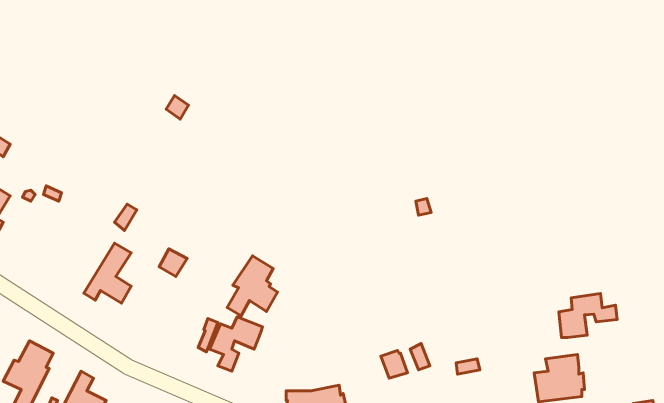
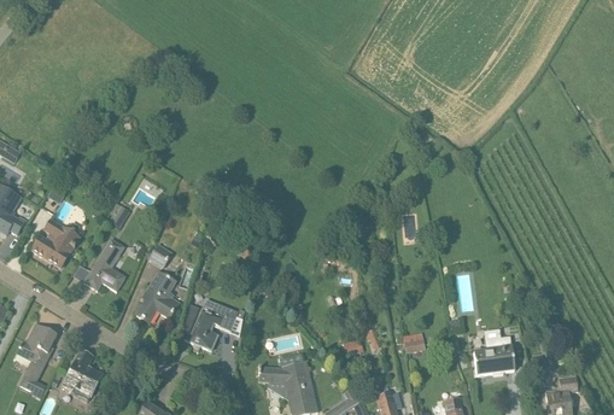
building: none -> [31,217,80,265]
building: [227,256,277,316] -> [136,269,180,321]
building: [559,294,617,338] -> none

